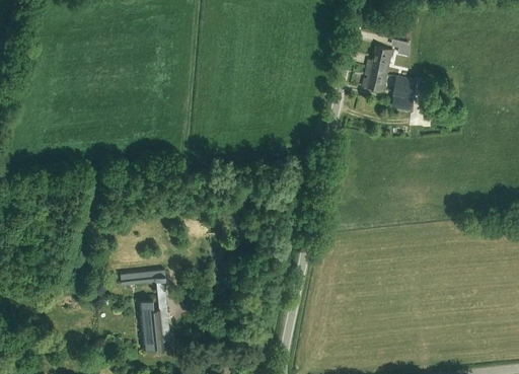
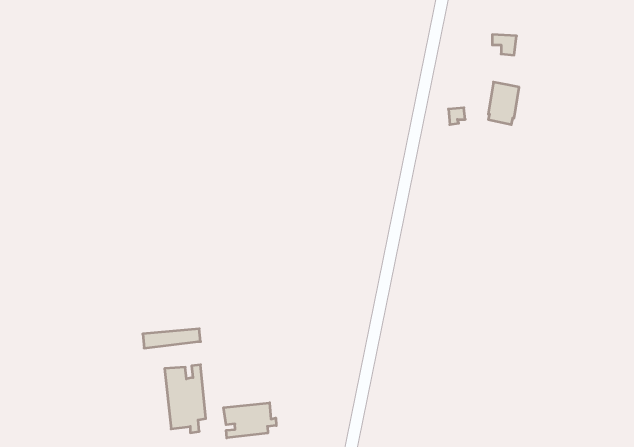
building: [363,47,392,90] -> none
building: none -> [224,403,276,438]

